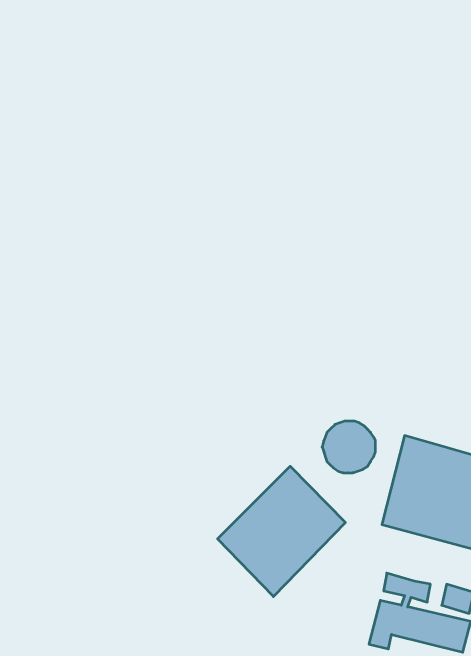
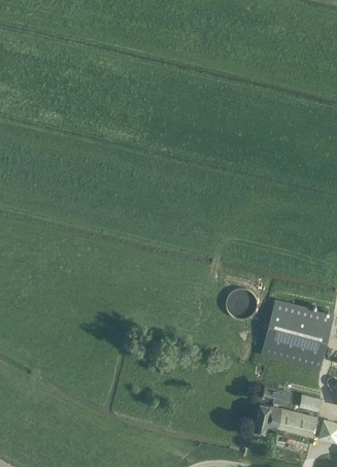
building: [218,466,345,597] -> none

